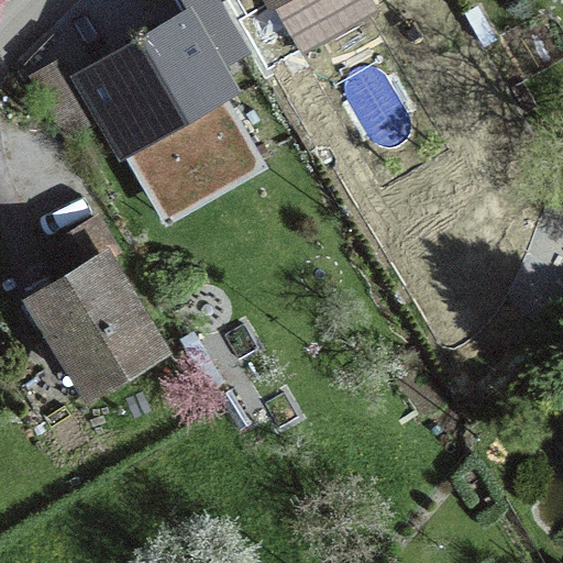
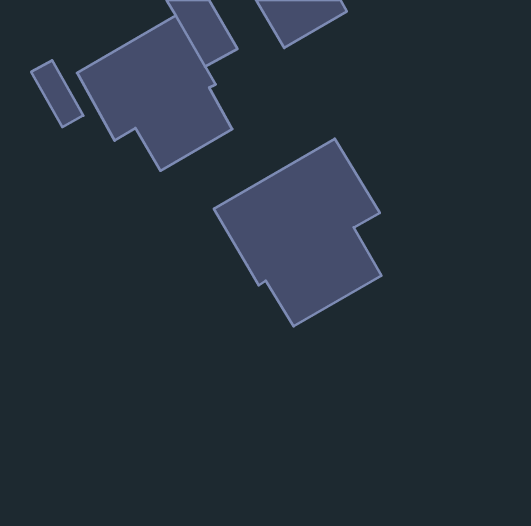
building: none -> [214,139,381,326]
building: [34,225,163,398] -> none

